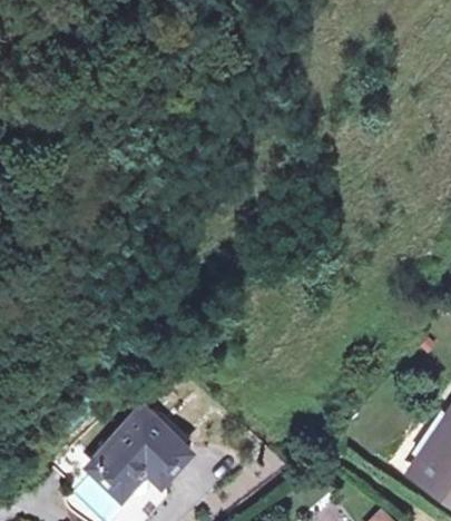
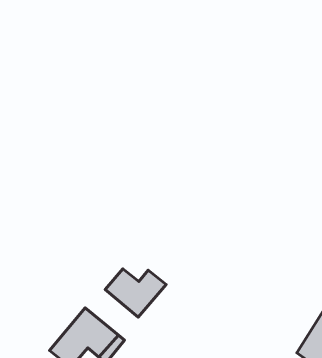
building: none -> [105,269,166,317]

